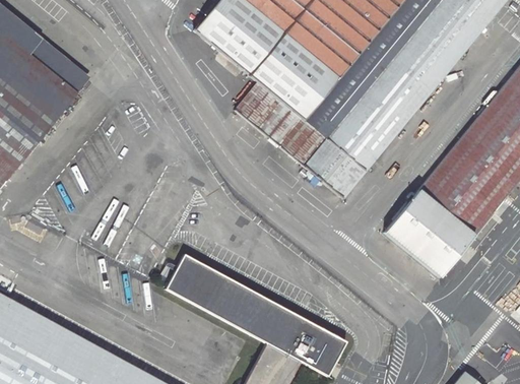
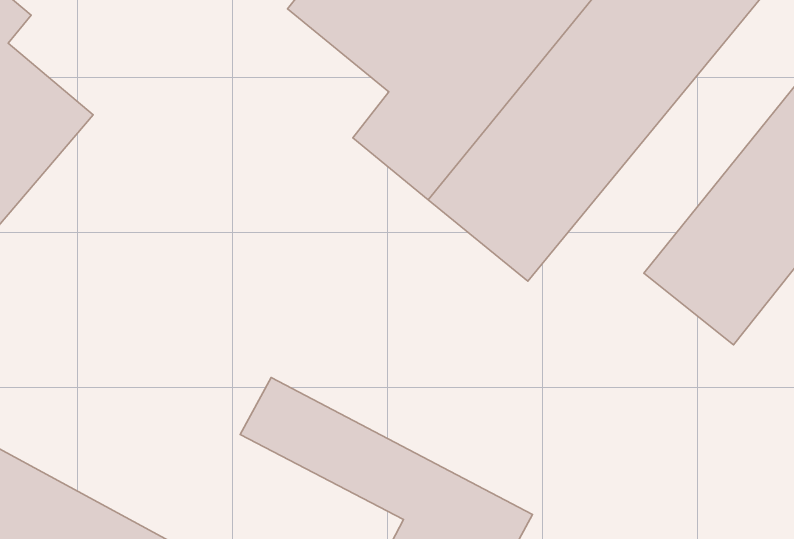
building: [20,31,86,93] -> none
building: [386,192,471,274] -> none

